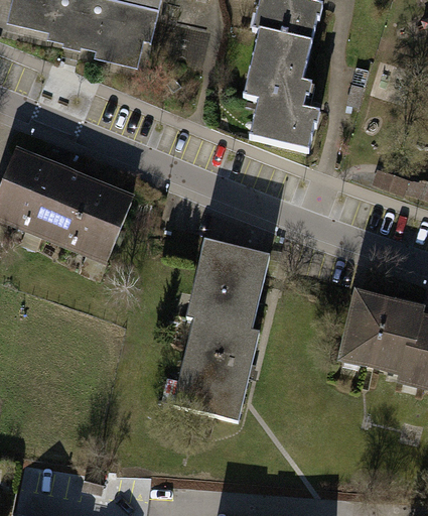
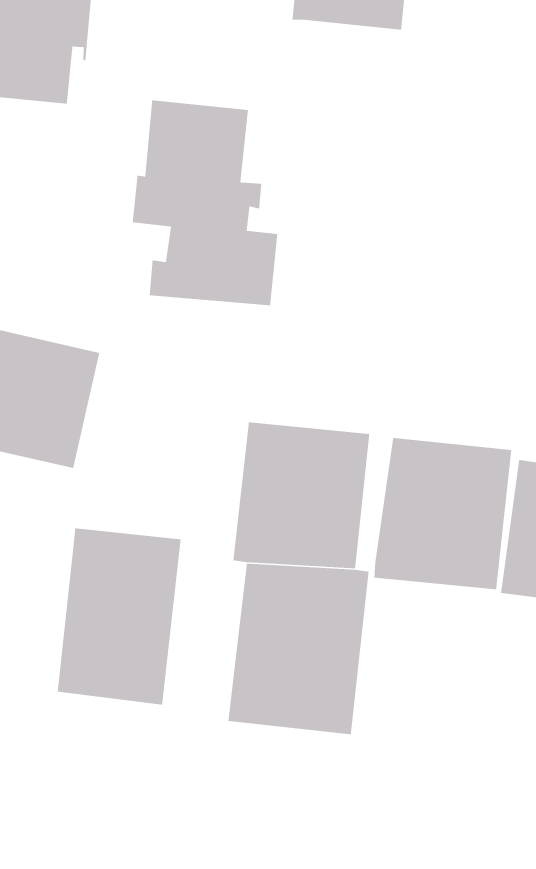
building: [244,33,321,152] -> [132,100,278,306]
building: none -> [373,437,512,590]
building: none -> [57,528,182,705]

